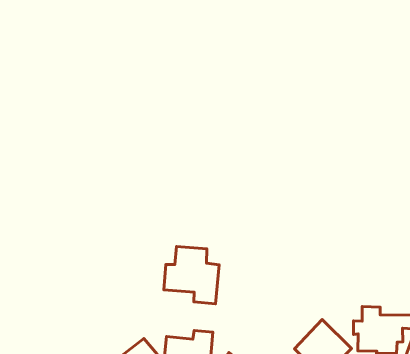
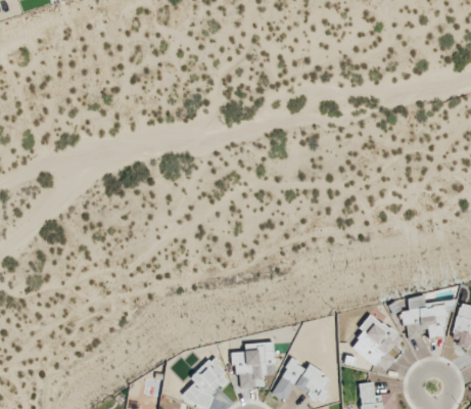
building: [164,246,219,304] -> none

